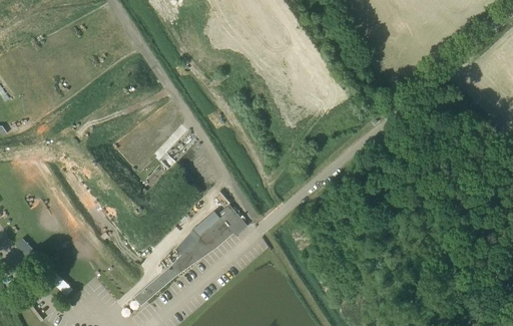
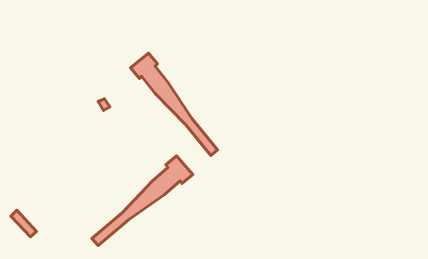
building: none -> [130,53,218,155]

